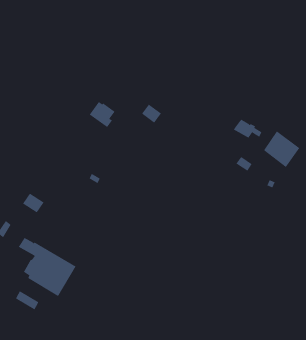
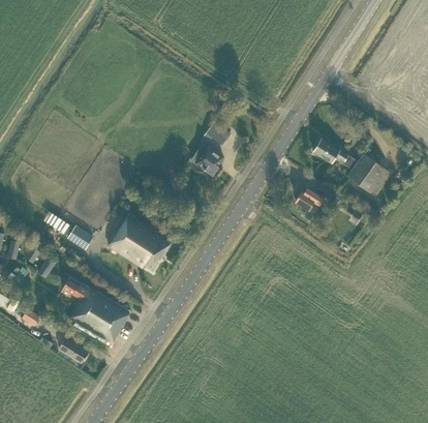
building: [89,101,116,128] -> [190,145,221,176]
building: none -> [294,188,322,220]
building: none -> [106,214,169,271]

